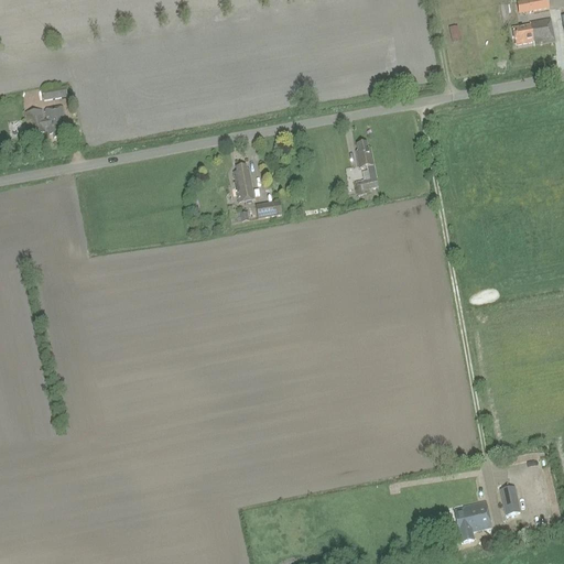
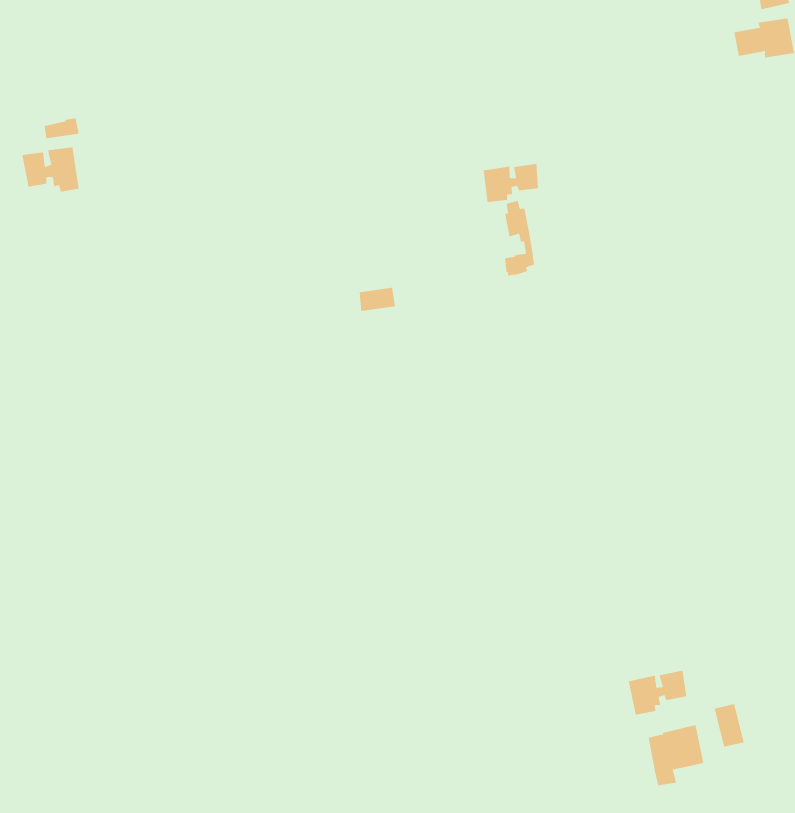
building: none -> [483,163,539,203]
building: [232,162,253,200] -> none
building: none -> [628,670,687,716]

